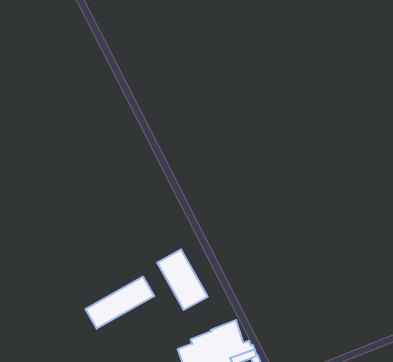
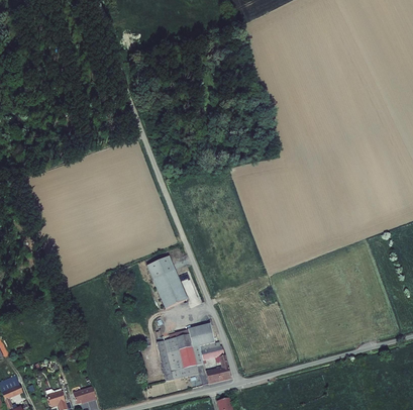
building: [85,277,154,329] -> none

